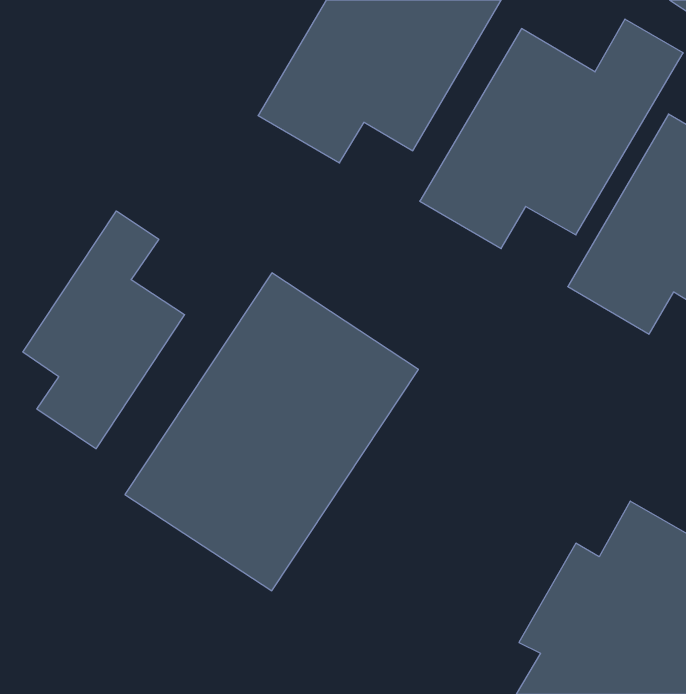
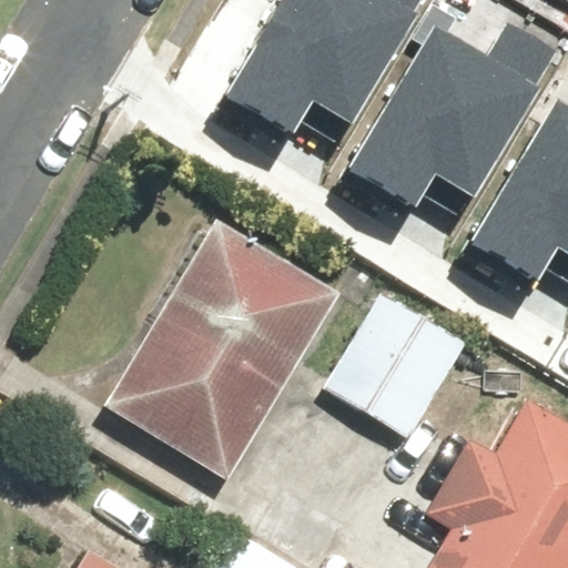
building: [23,211,185,449] -> none
building: none -> [321,291,479,450]

